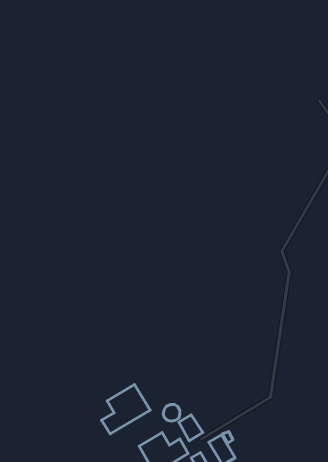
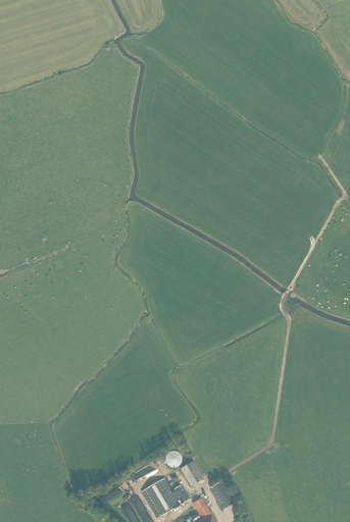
building: [102,385,150,434] -> none

